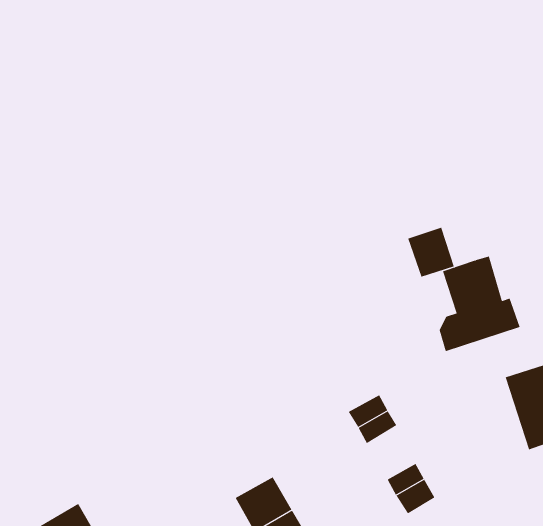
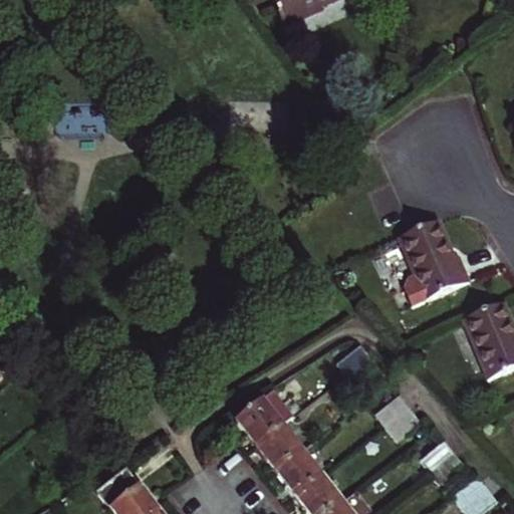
building: [408,227,455,278] -> none
building: none -> [236,393,294,448]

